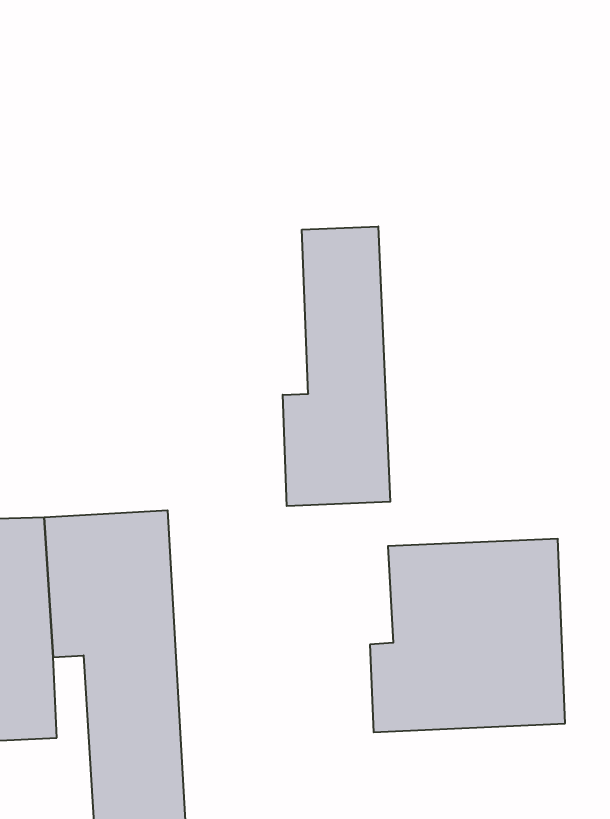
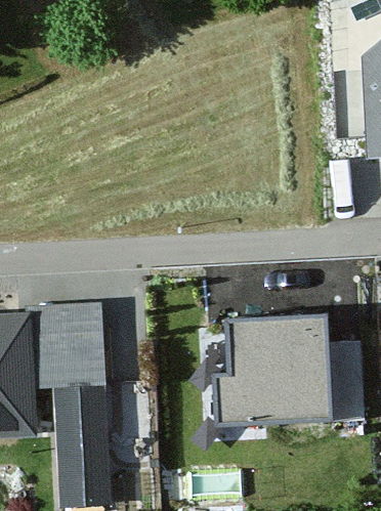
building: [283,226,390,506] -> none

